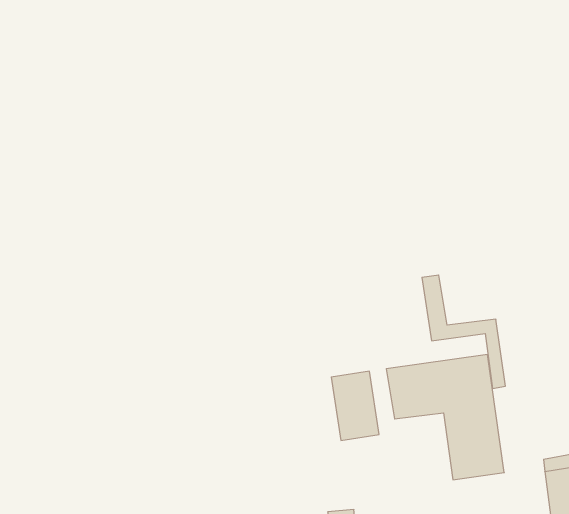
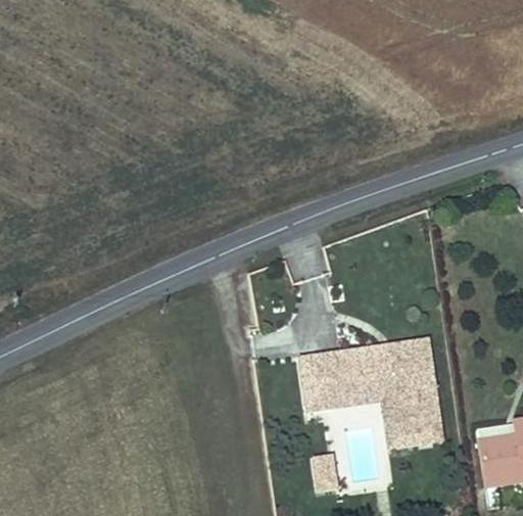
building: [422,275,505,388] -> [329,349,400,447]

